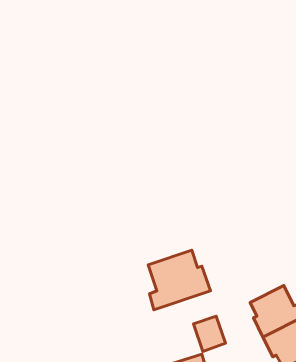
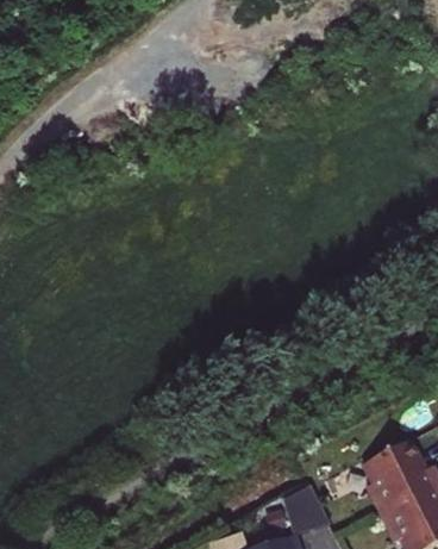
building: [148,250,211,310] -> none

